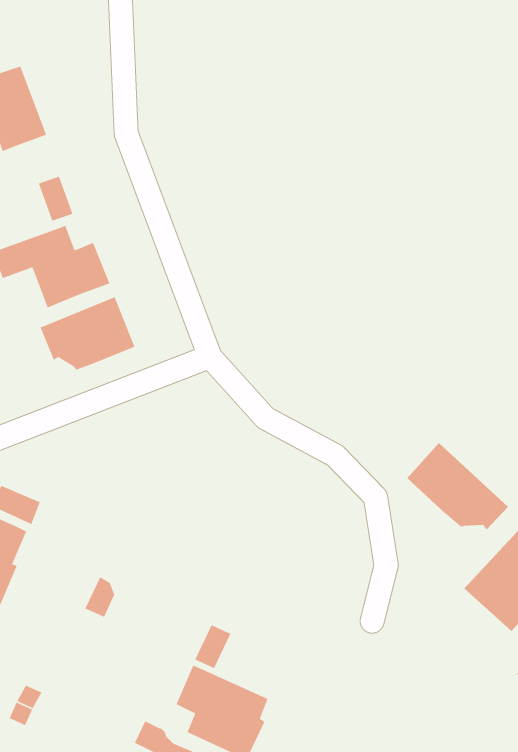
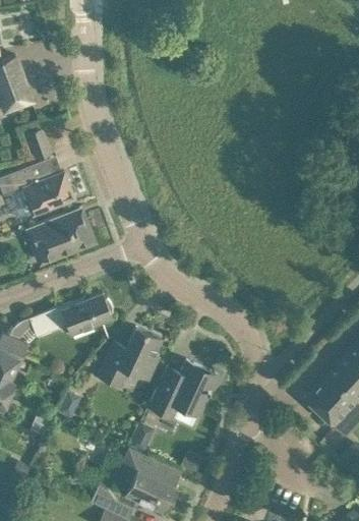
building: none -> [27,295,111,338]
building: [406,442,509,531] -> none
building: none -> [96,328,160,389]
building: none -> [146,361,216,421]

